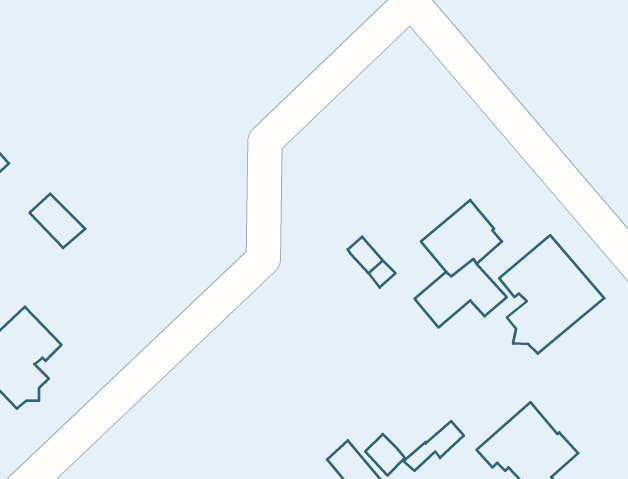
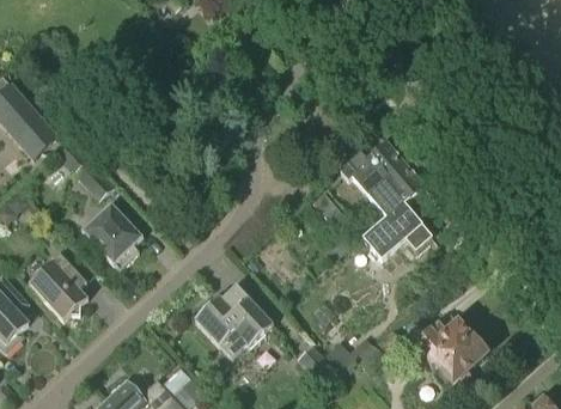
building: none -> [339,140,403,194]
building: [499,235,604,354] -> none
building: none -> [81,202,140,268]
building: none -> [193,283,272,358]

